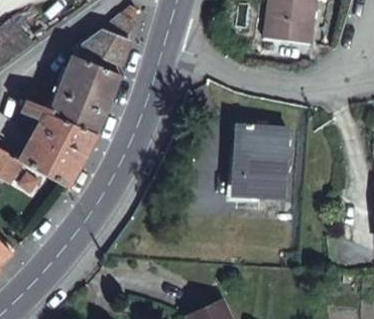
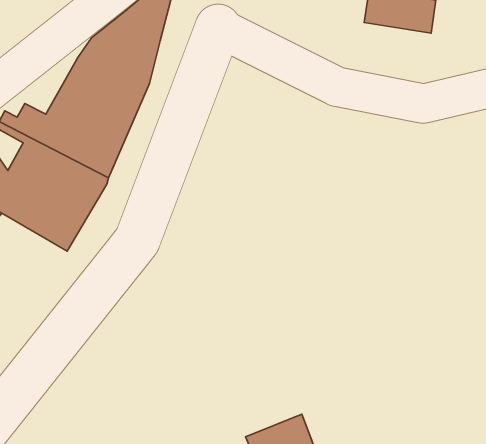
building: [238,129,285,197] -> none

